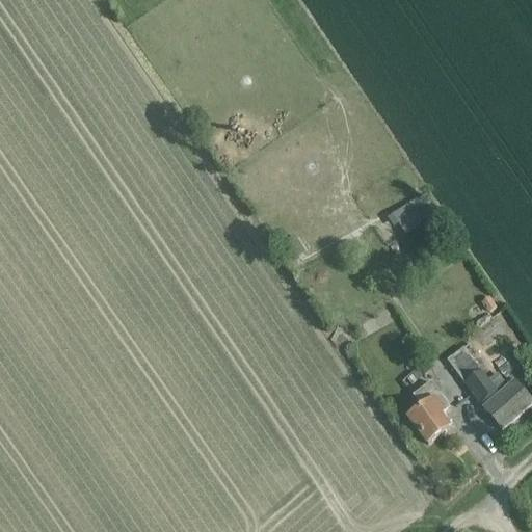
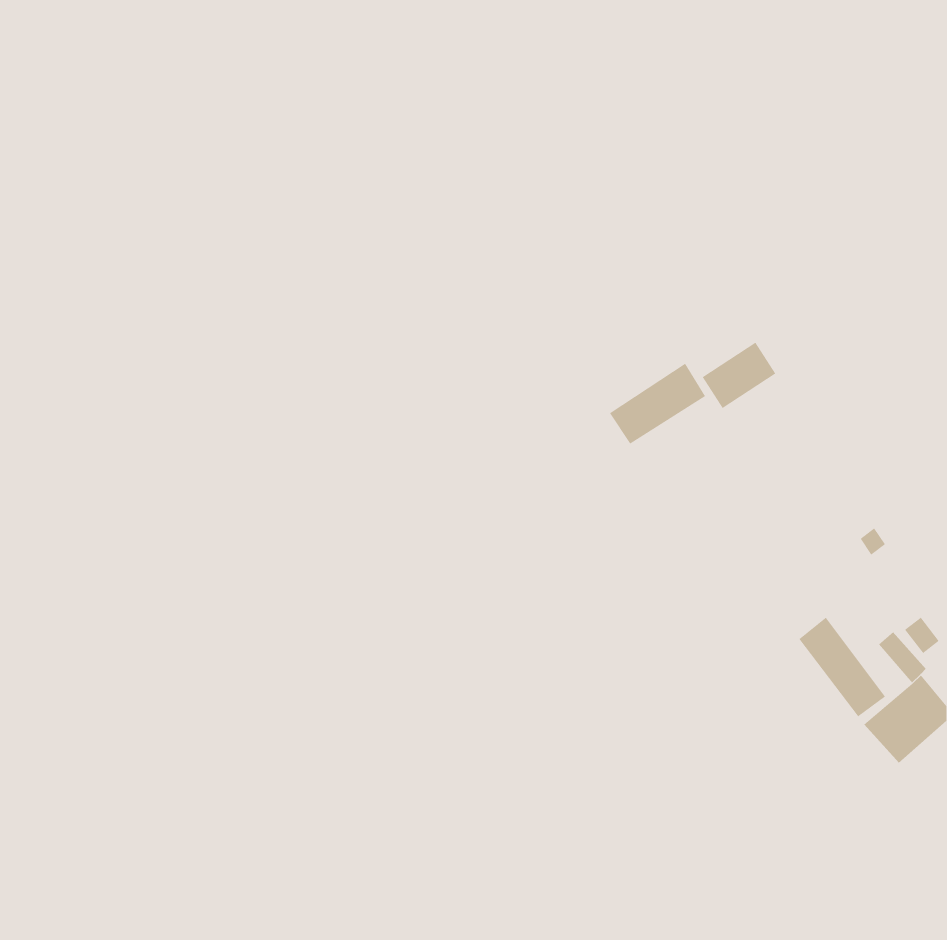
building: none -> [609,363,706,444]
building: [408,379,450,443] -> none

